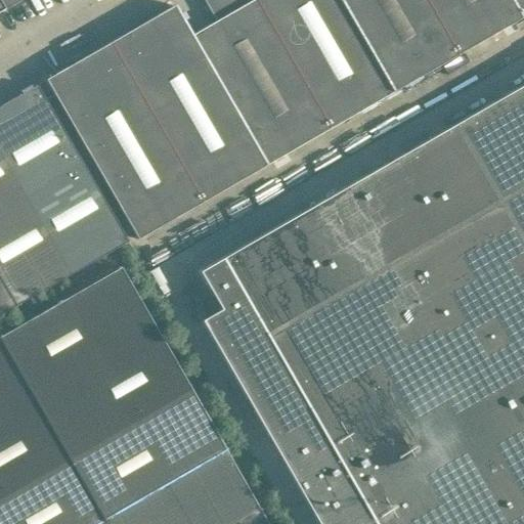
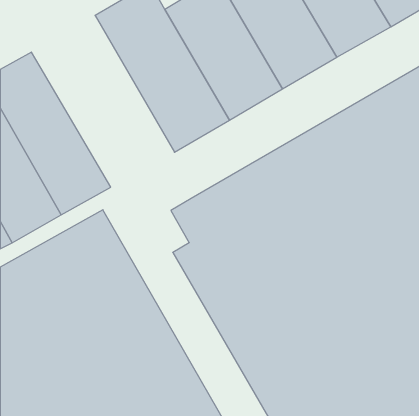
building: [47,42,205,239] -> none

